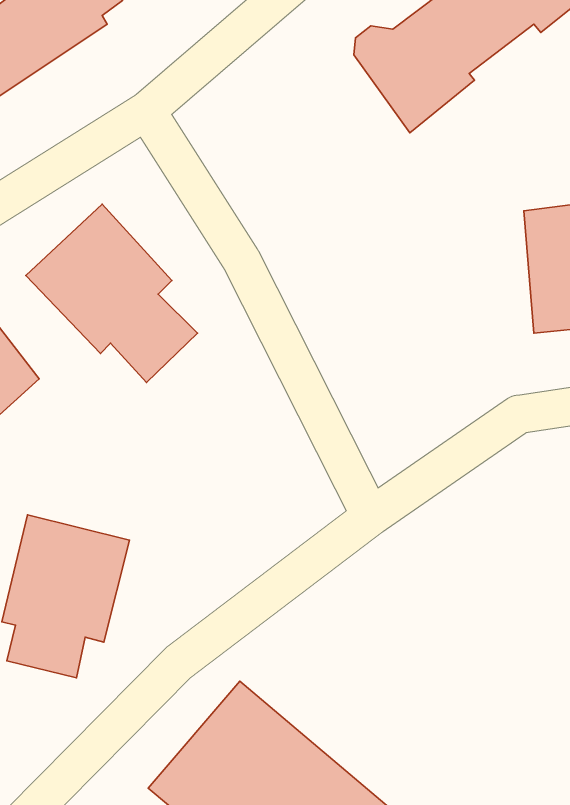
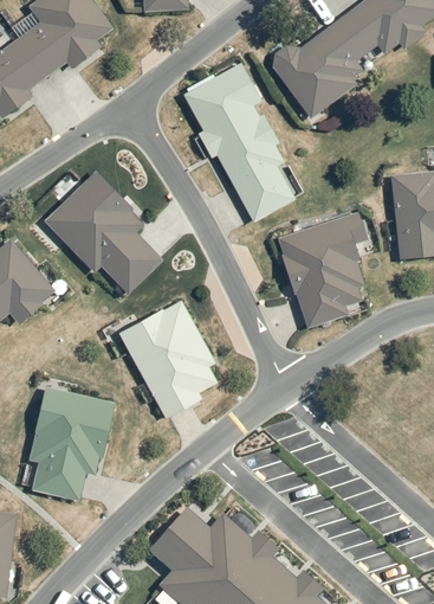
building: none -> [182,62,297,221]
building: none -> [278,211,367,328]
building: none -> [118,300,218,418]

